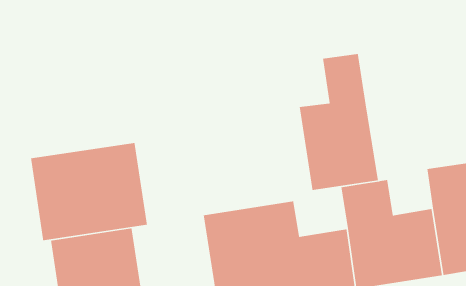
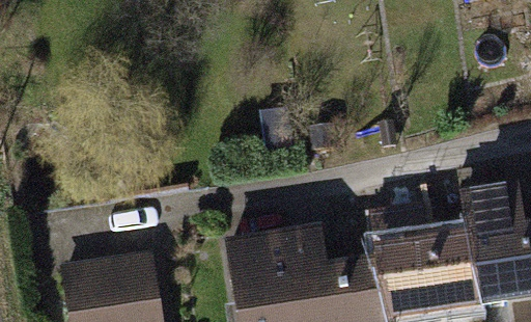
building: [299,53,379,191] -> none
building: [30,142,148,241] -> none

